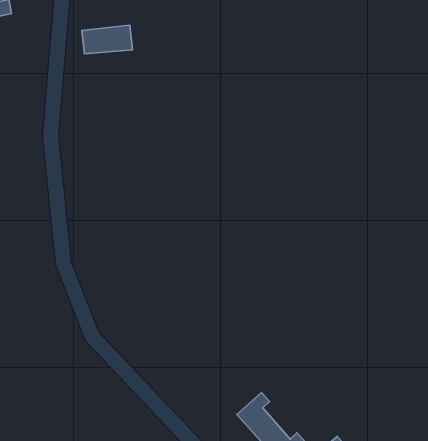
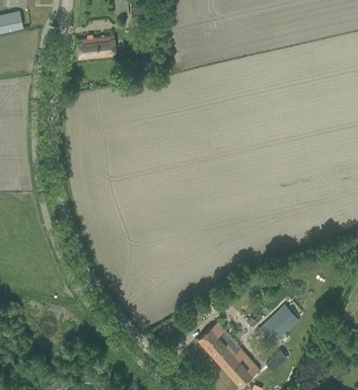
building: none -> [261,306,298,342]

